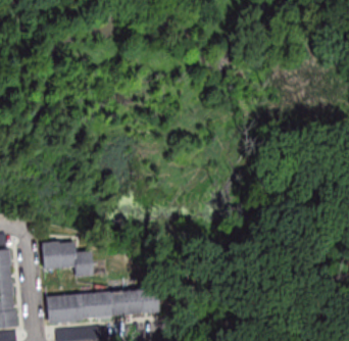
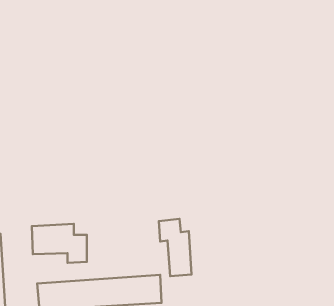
building: none -> [159,219,192,276]

